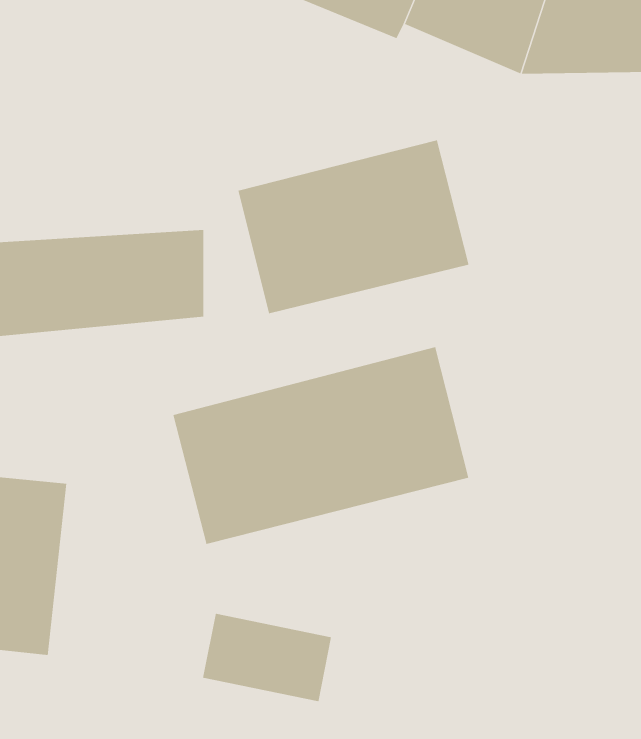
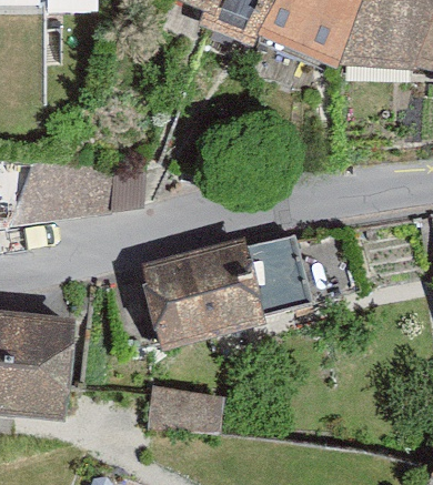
building: [238,139,469,314] -> none

